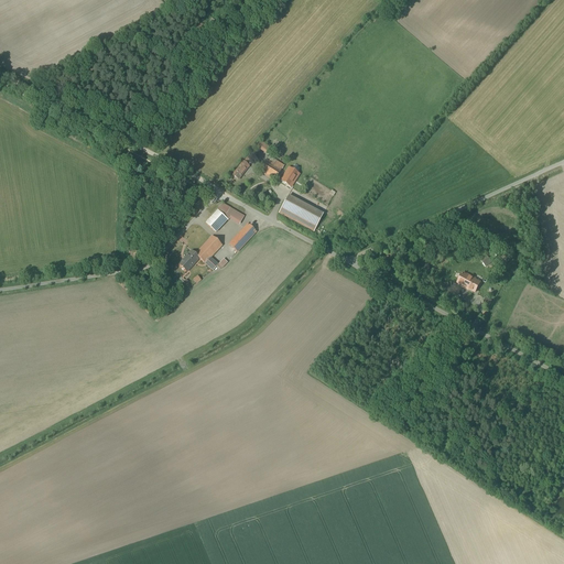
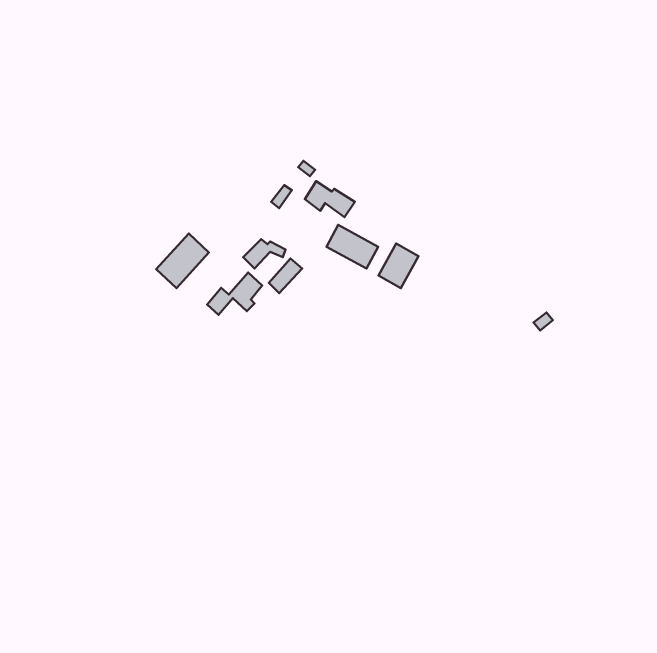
building: none -> [156,234,209,288]
building: none -> [379,244,418,288]

